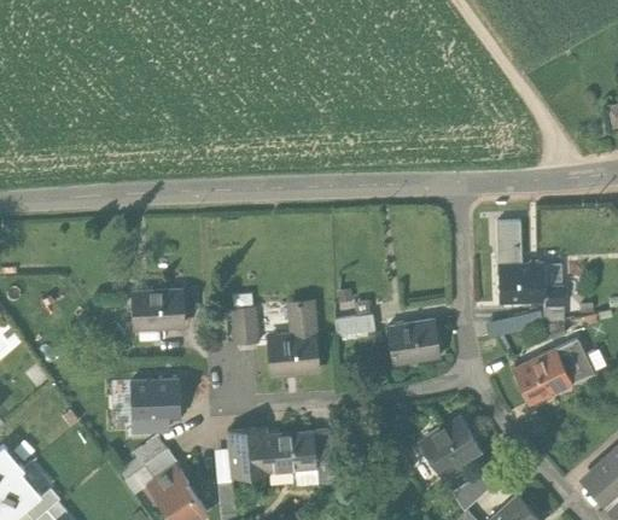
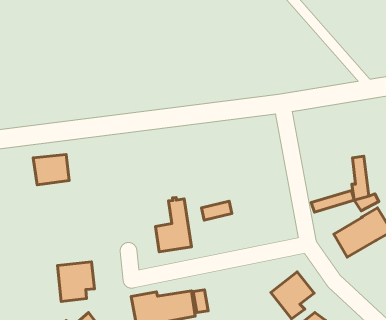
building: [497,223,544,304] -> none
building: [134,292,181,331] -> [33,154,69,185]
building: [232,309,257,345] -> none
building: [387,322,438,366] -> none

